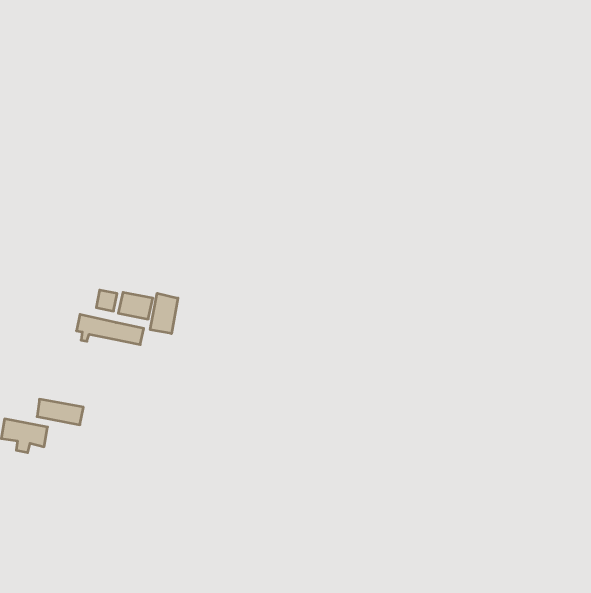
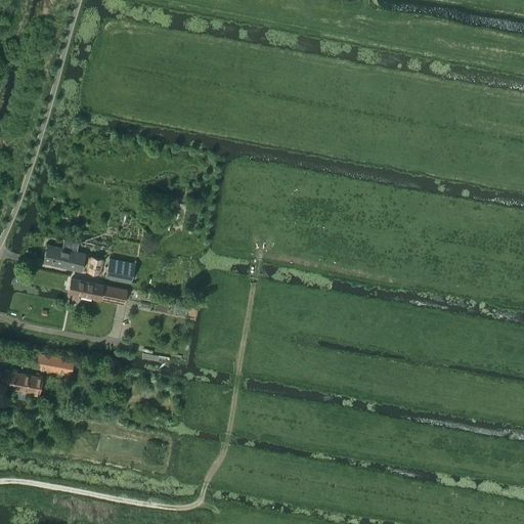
building: none -> [44,239,86,271]
building: [150,293,178,334] -> none

